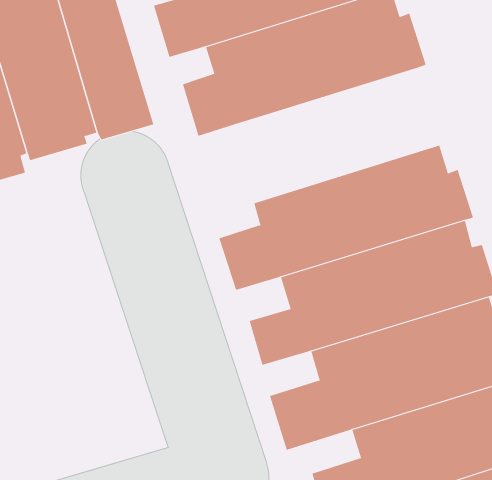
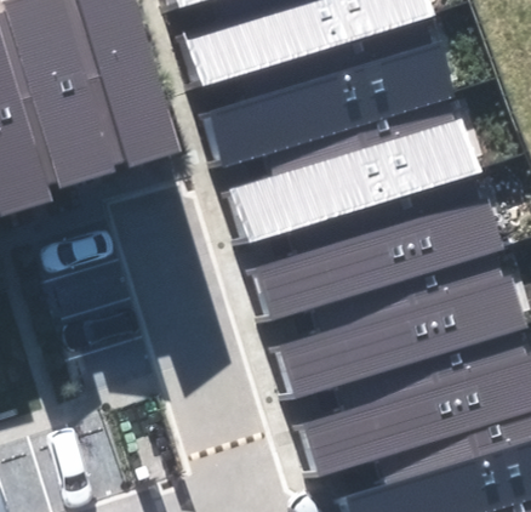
building: none -> [227,96,479,244]

